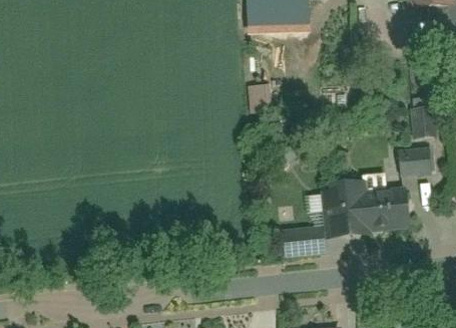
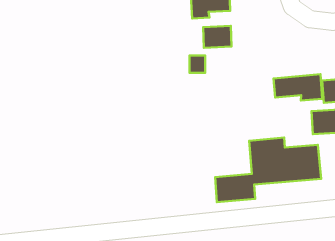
building: none -> [203,26,232,48]
building: none -> [273,74,322,100]

